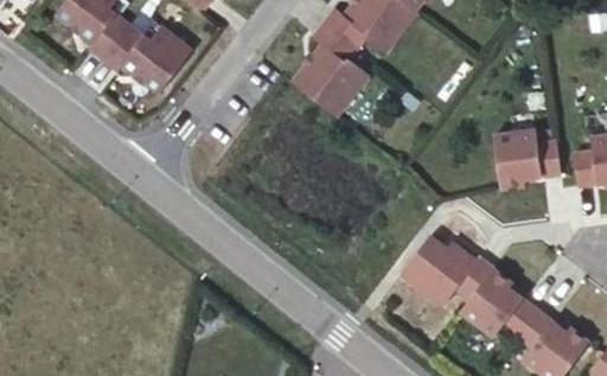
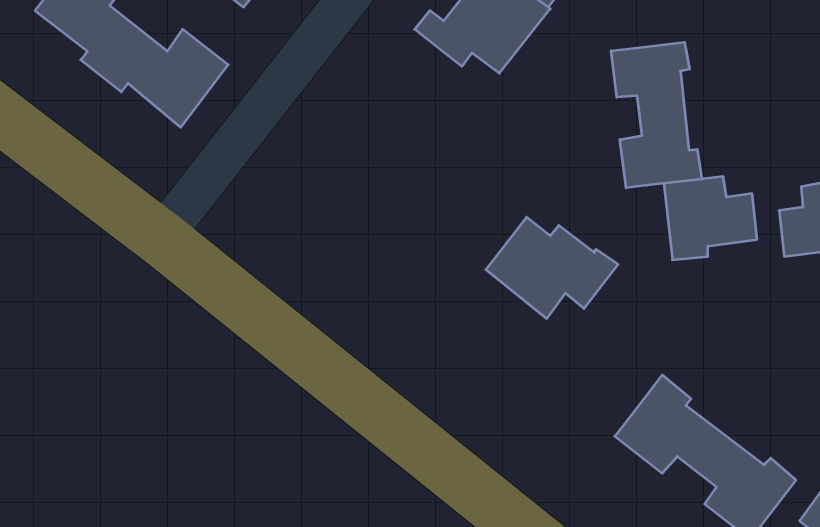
building: [292,26,363,115] -> none
building: none -> [611,42,702,188]
building: [400,235,492,306] -> [486,217,618,319]

